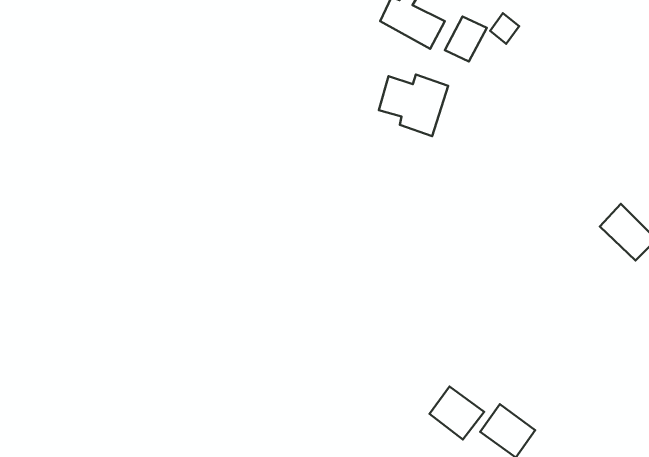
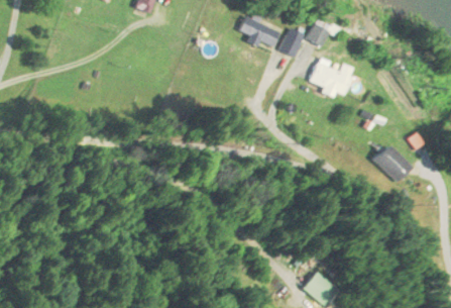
building: [379,75,448,136] -> [311,60,354,98]
building: [430,386,484,440] -> none

